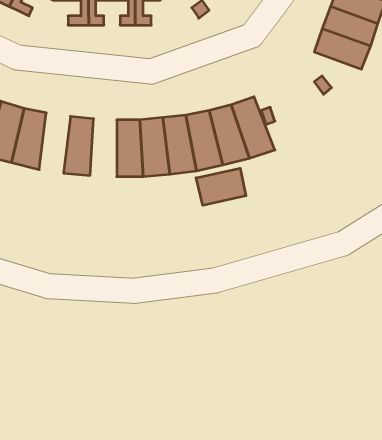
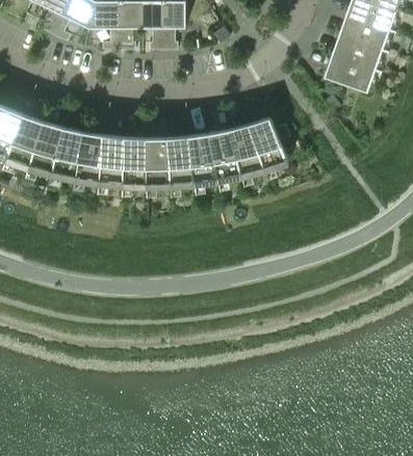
building: none -> [76,128,104,182]
building: none -> [122,133,146,185]
building: [196,168,246,205] -> none

